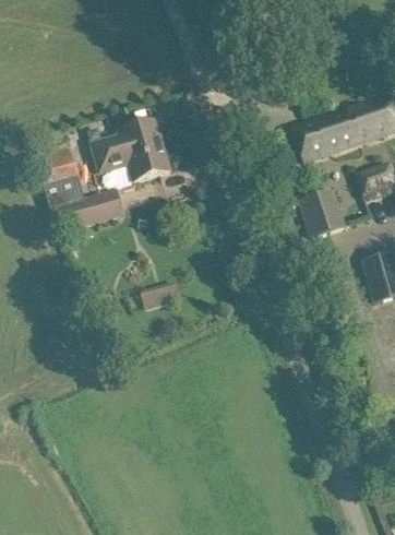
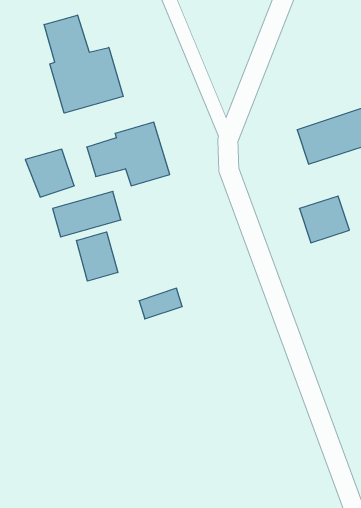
building: none -> [44,15,123,113]
building: none -> [76,232,118,281]

